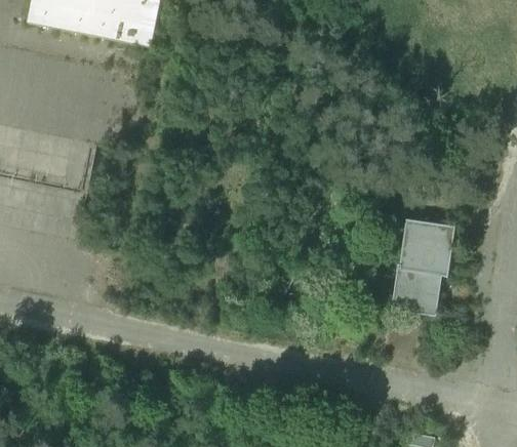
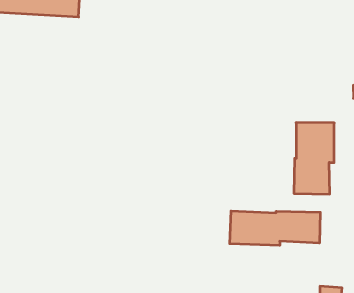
building: none -> [230,211,320,245]

